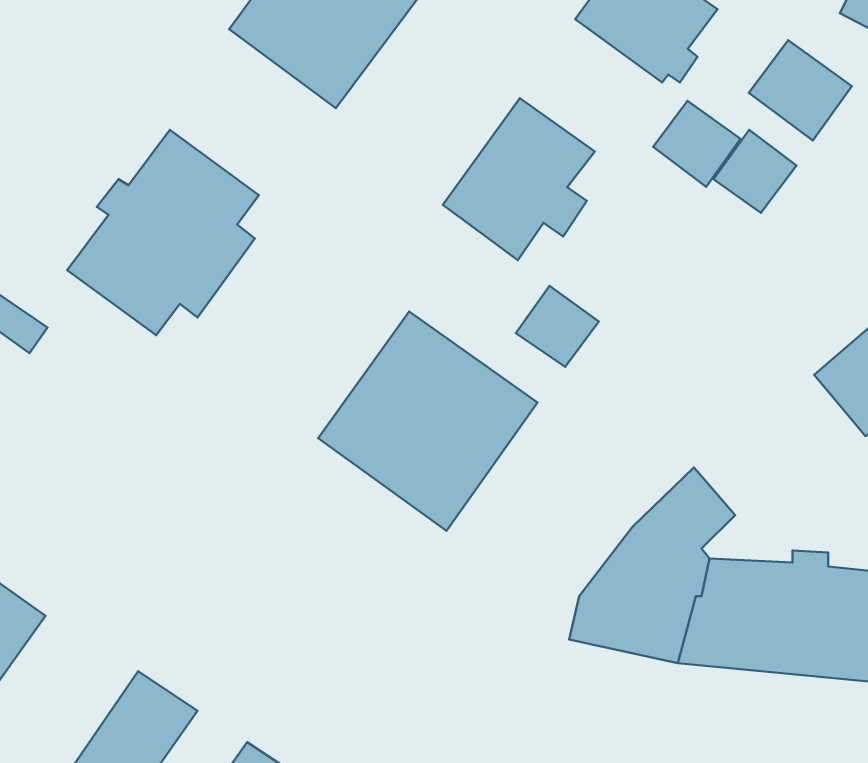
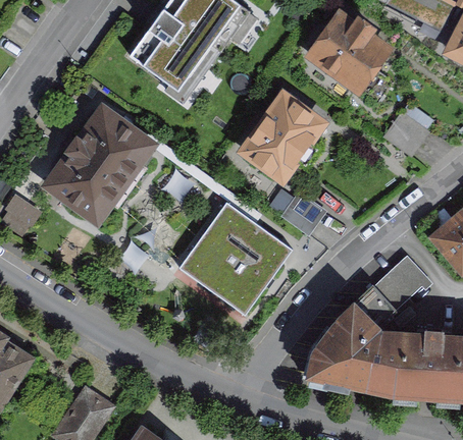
building: [749,40,852,141] -> none
building: [653,101,741,187] -> none
building: none -> [373,256,426,309]

